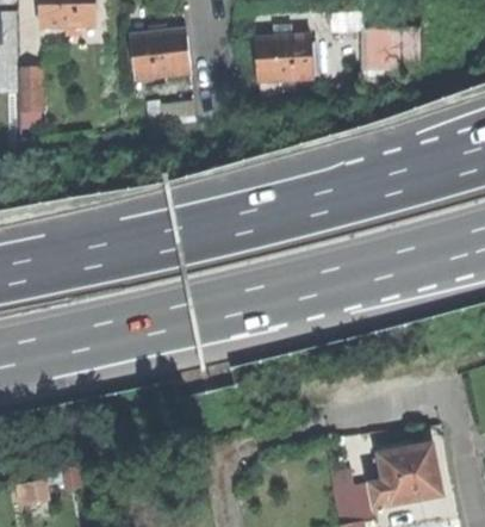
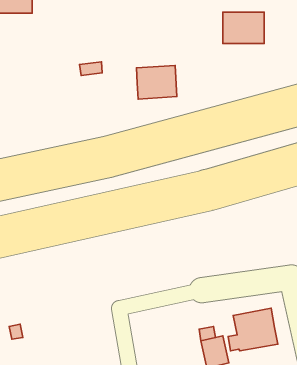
building: [131,26,189,75] -> none
building: [256,29,313,76] -> [136,65,177,99]

